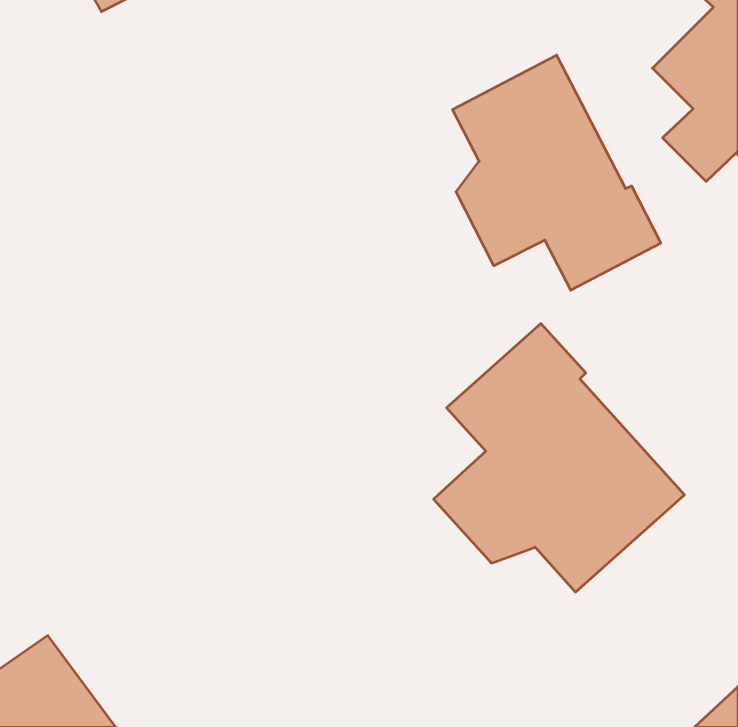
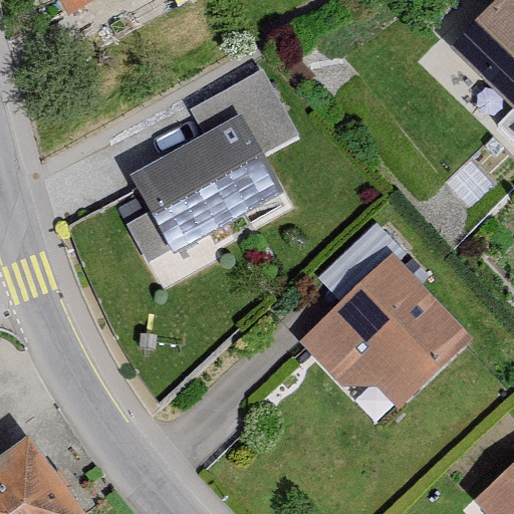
building: [453,55,661,290] -> none
building: none -> [139,70,295,248]

